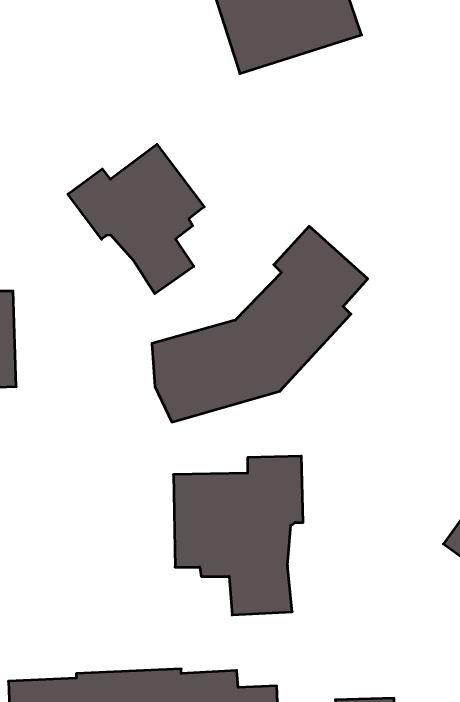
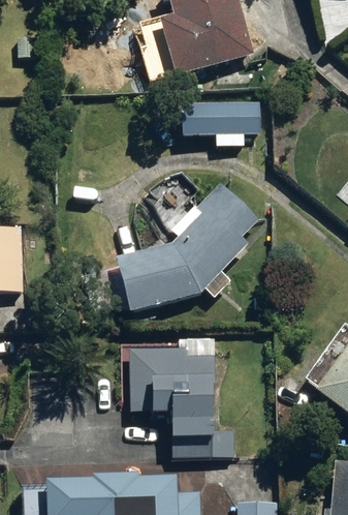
building: none -> [183,97,261,143]
building: [68,144,204,294] -> none

